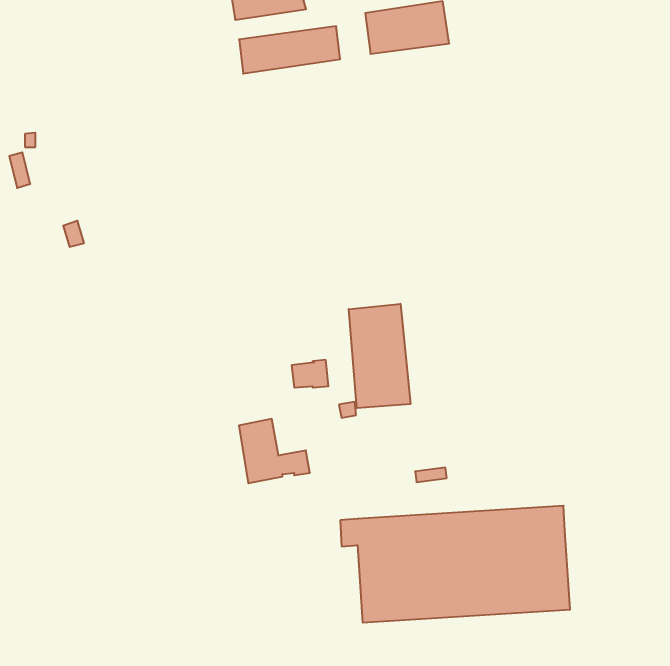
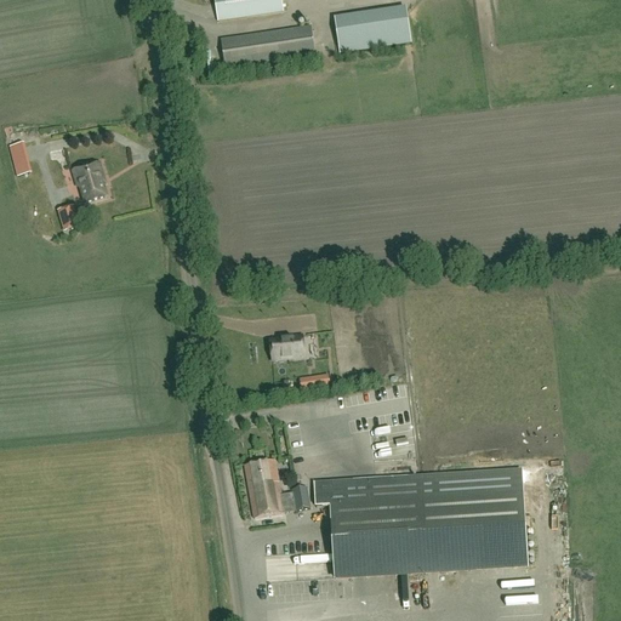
building: none -> [70,159,104,199]
building: [349,304,410,408] -> none
building: [239,419,310,483] -> [244,456,309,515]

